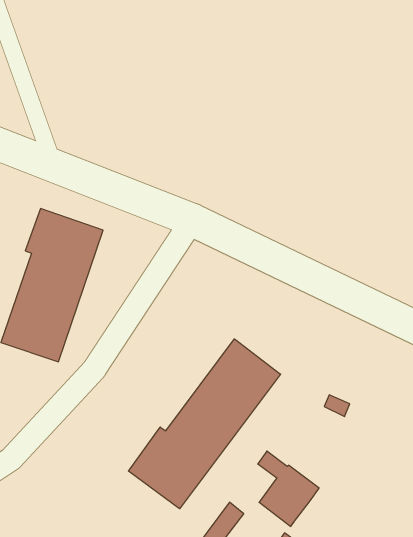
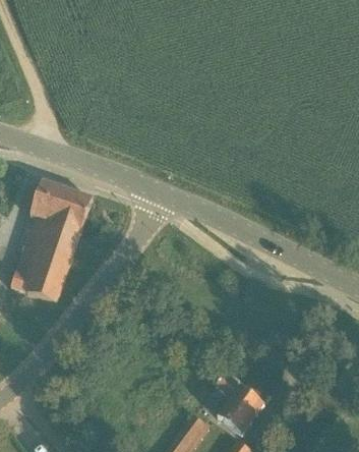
building: [128,339,281,509] -> none

